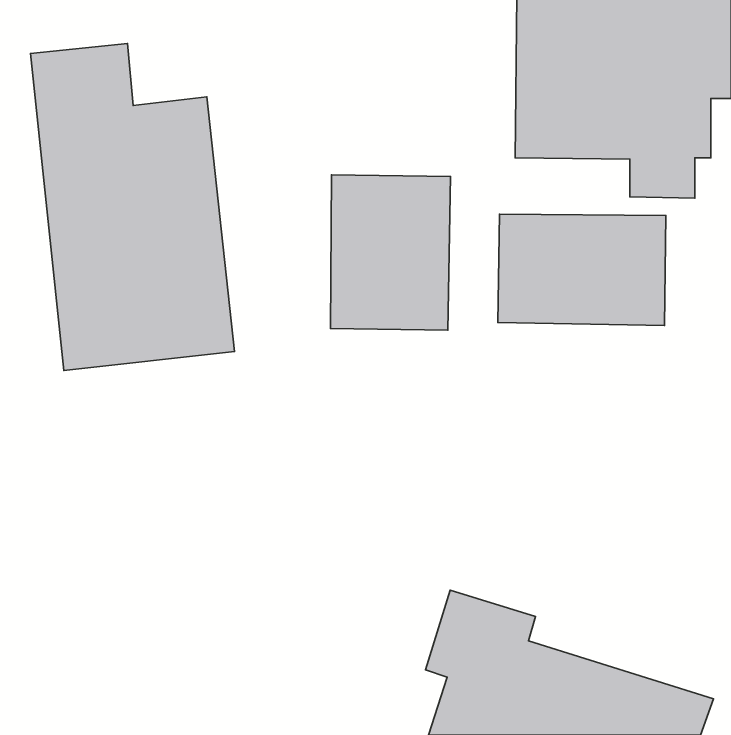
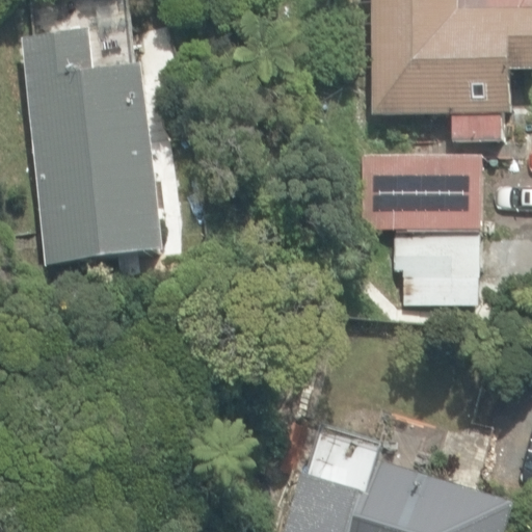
building: [330,175,451,330] -> none
building: none -> [392,236,478,305]

